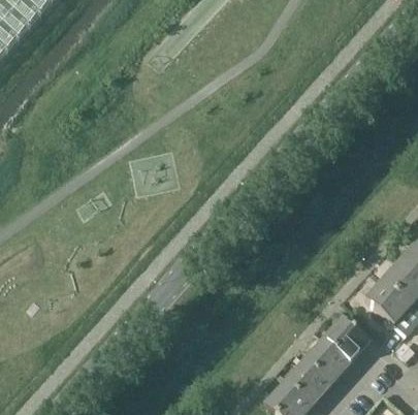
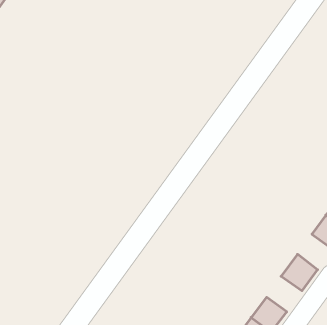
building: [307,342,347,382] -> none

